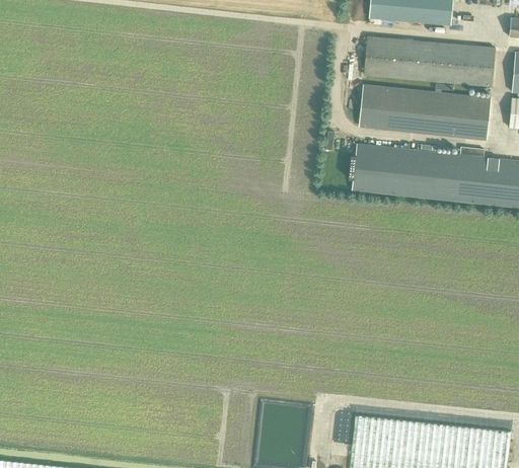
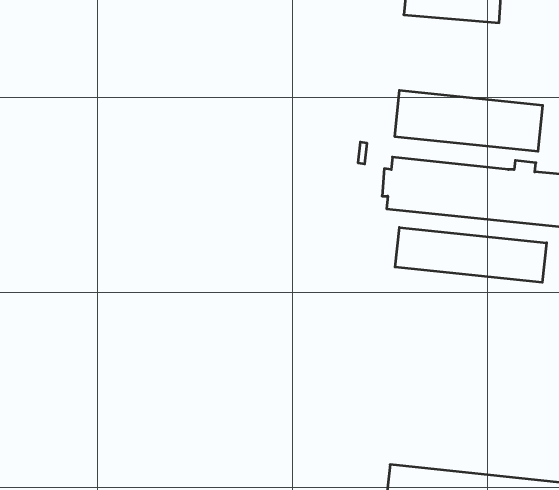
building: [364,36,495,85] -> none
building: none -> [395,227,547,282]

